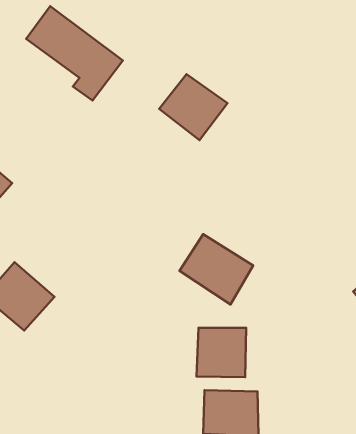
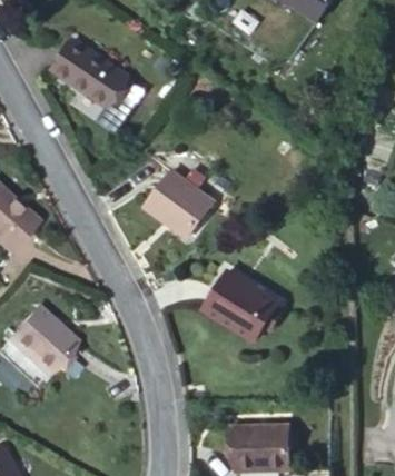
building: [159,74,228,140] -> [146,169,216,237]
building: [197,328,246,377] -> none

